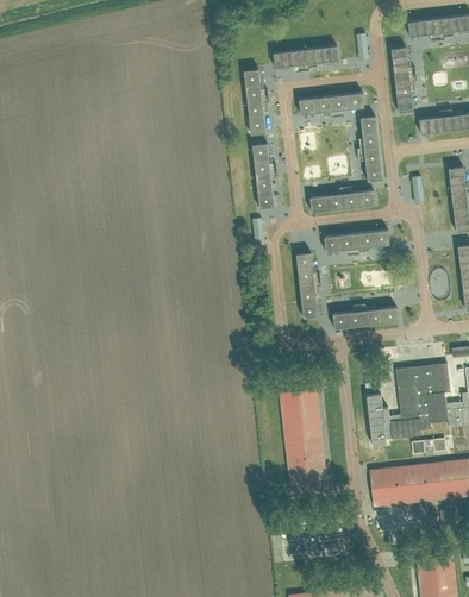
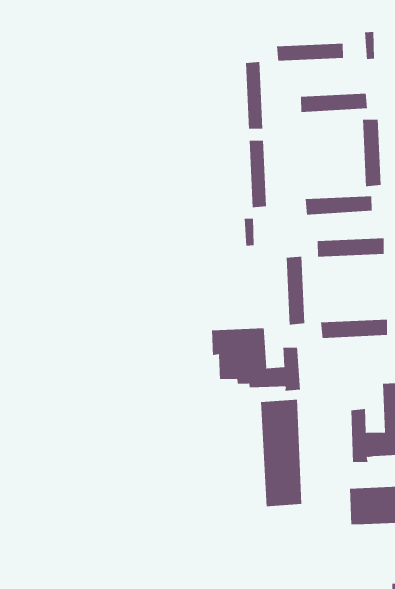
building: none -> [211,327,301,391]

